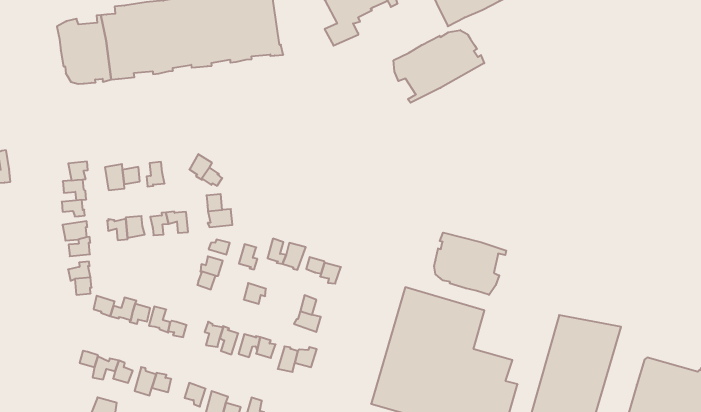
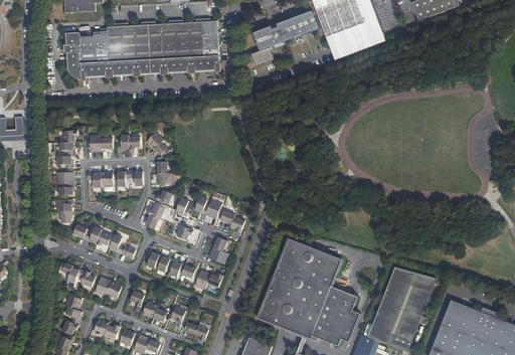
building: [394,30,484,103] -> none
building: [434,233,506,295] -> none

